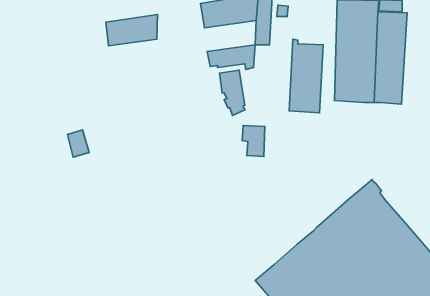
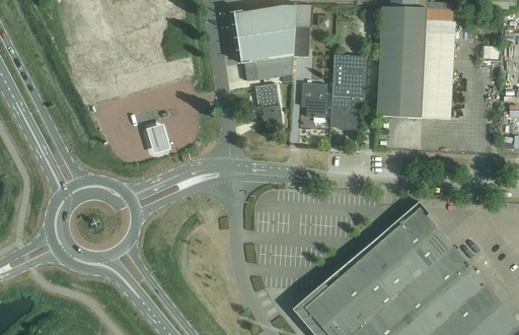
building: [106,15,158,46] -> [238,29,294,63]
building: [242,125,265,157] -> [301,83,325,117]
building: [67,130,89,157] -> [147,125,170,154]

